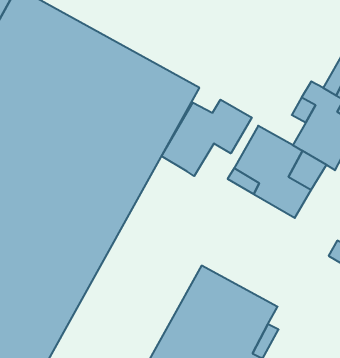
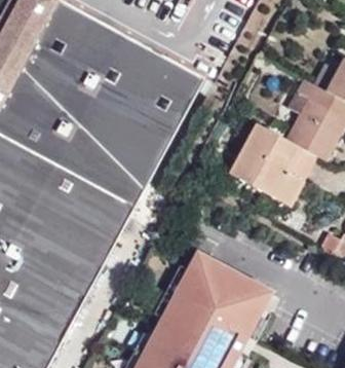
building: [161,100,252,176] -> none

